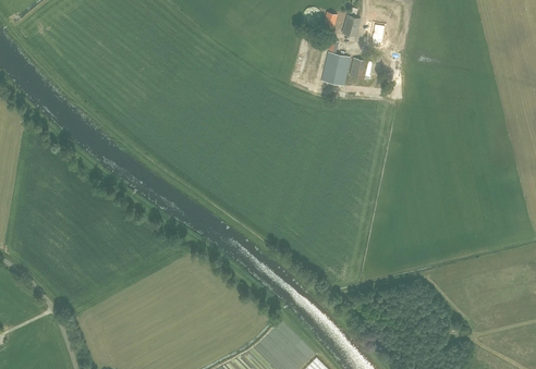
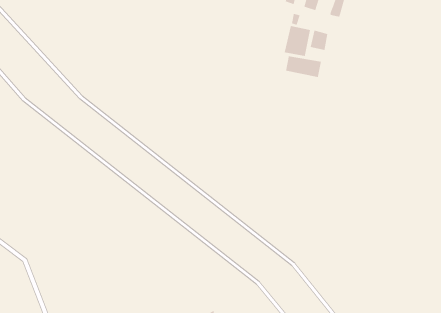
building: none -> [285,55,322,78]

